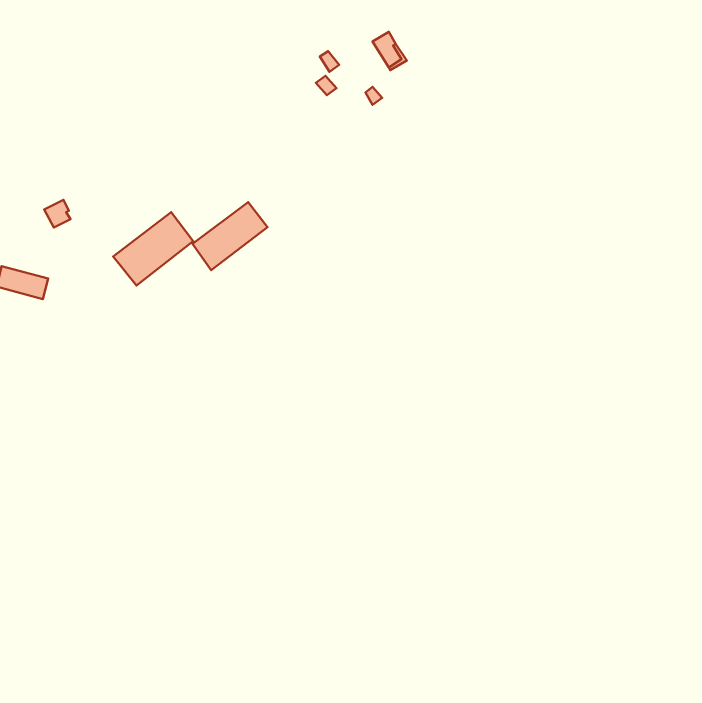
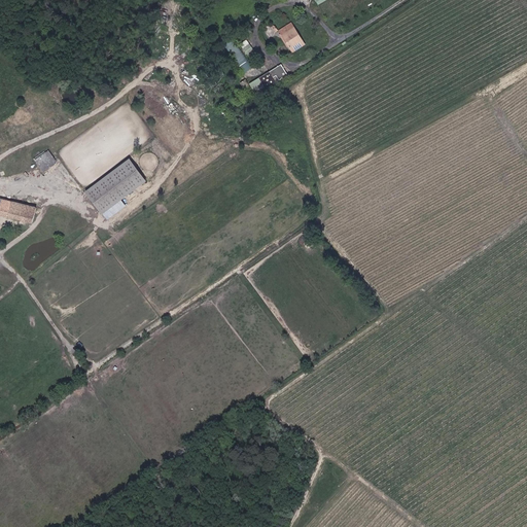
building: [193,202,267,270] -> none

